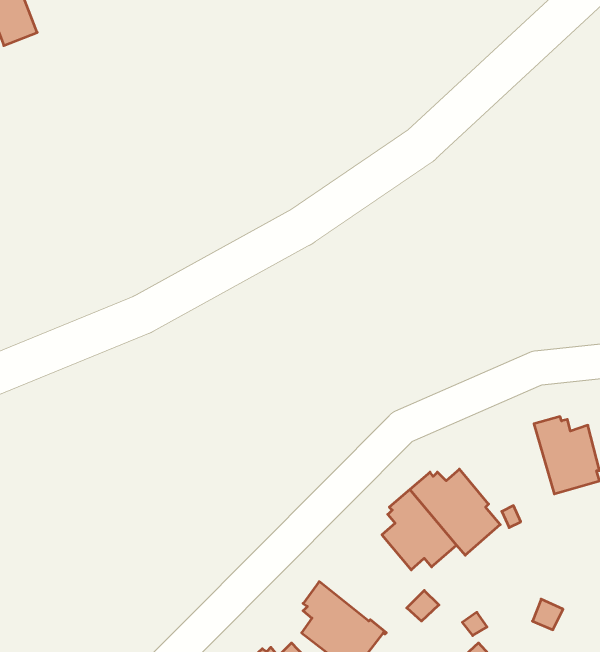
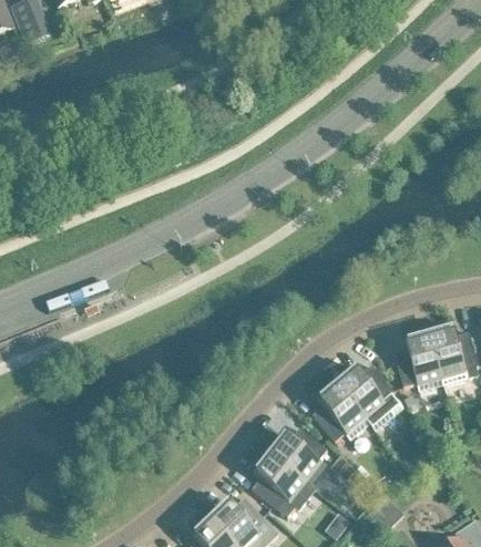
building: none -> [395,330,443,390]
building: none -> [265,427,327,479]

